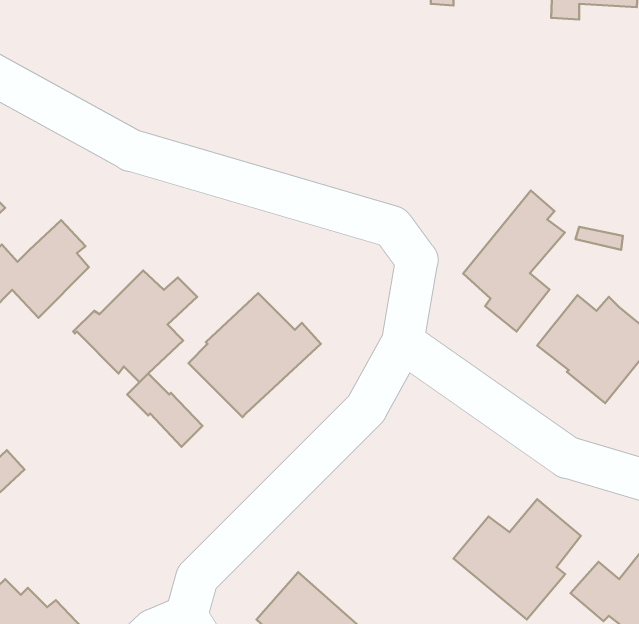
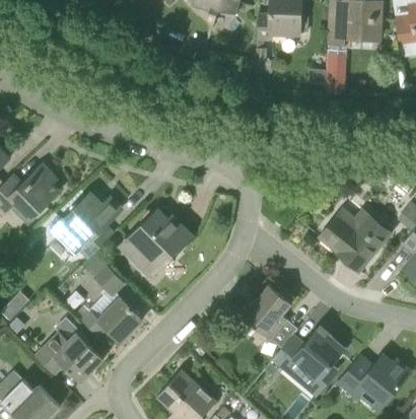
building: none -> [325,53,347,93]
building: [463,191,565,332] -> none
building: none -> [234,283,292,339]
building: none -> [81,296,143,341]
building: none -> [36,331,103,380]

